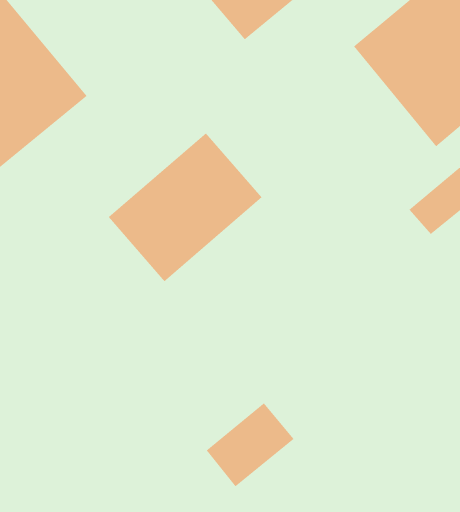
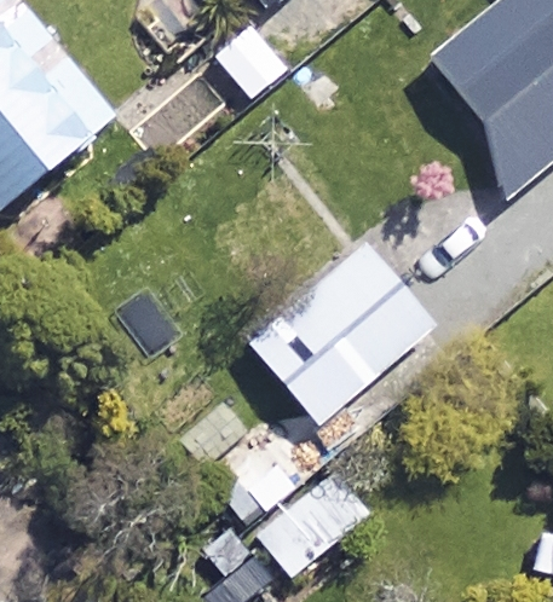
building: [108,132,263,282] -> [249,244,428,417]

